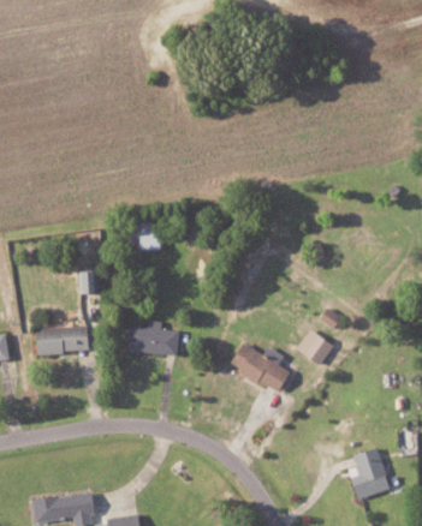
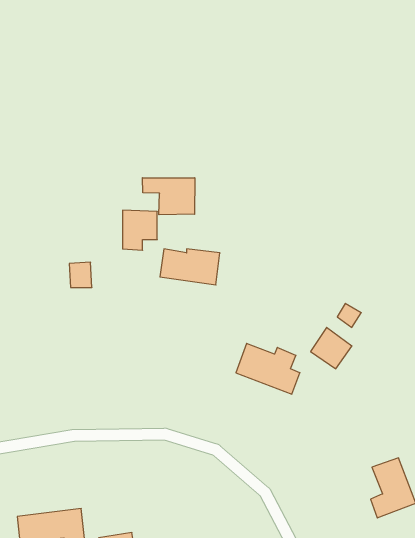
building: none -> [142,178,195,215]
building: [126,325,180,358] -> [160,249,220,285]
building: [34,327,88,354] -> none

